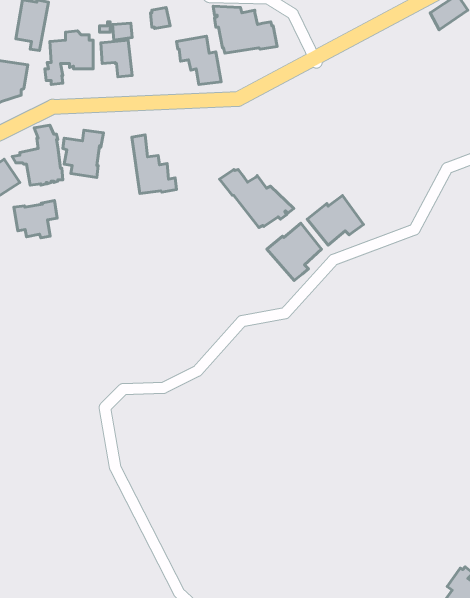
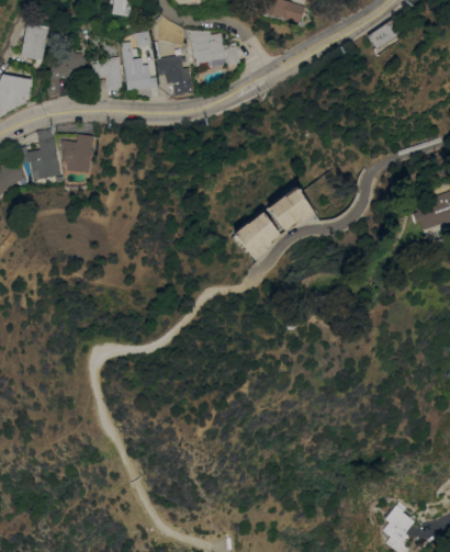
building: [132,135,176,194] -> [121,41,158,90]
building: [219,169,294,227] -> none
building: [14,200,57,238] -> none

